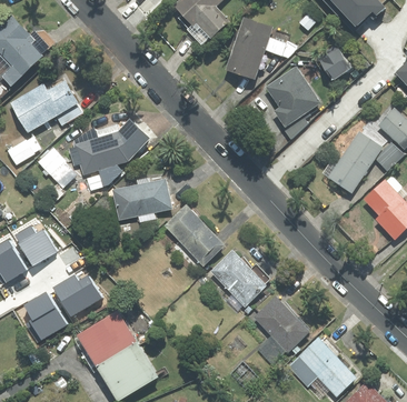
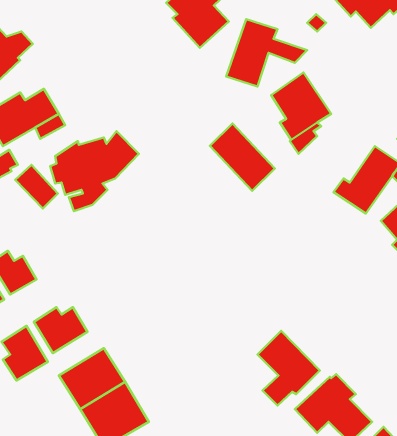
building: [319,49,350,80] -> none
building: [112,177,171,222] -> none
building: [165,205,222,265] -> [210,123,275,191]
building: [210,251,269,309] -> none

